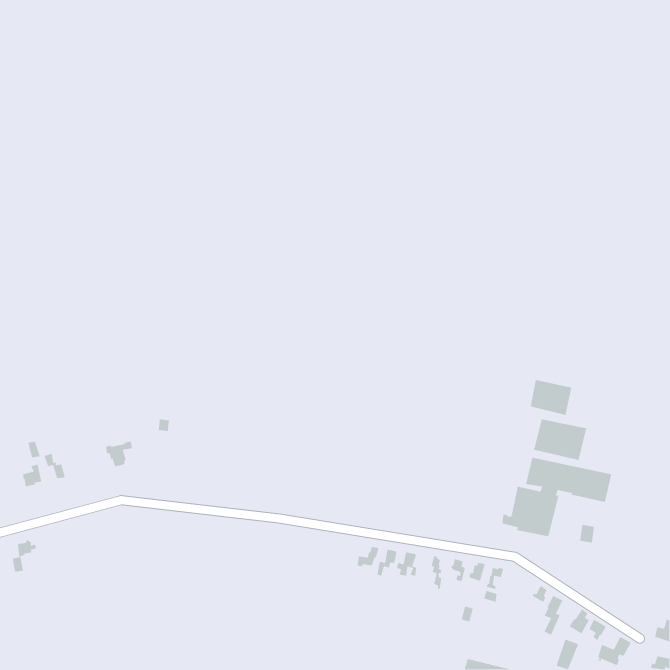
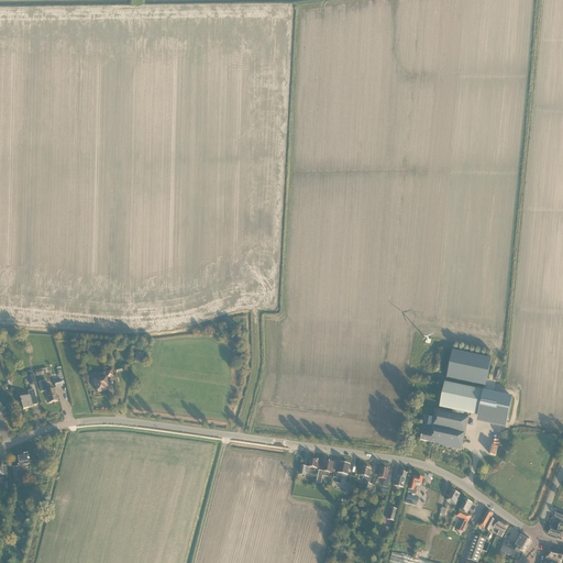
building: [530,379,572,416] -> none

